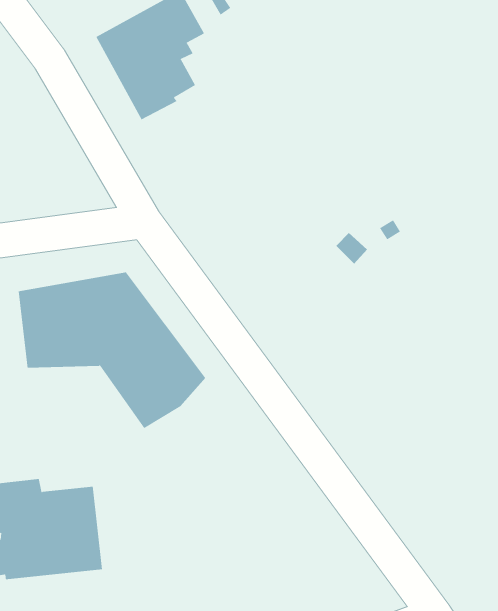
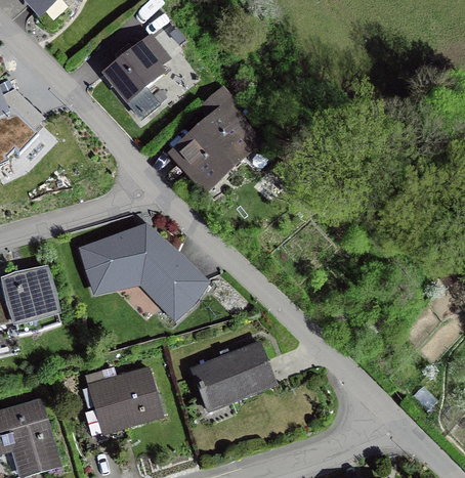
building: none -> [166,84,265,194]
building: none -> [188,340,278,416]

